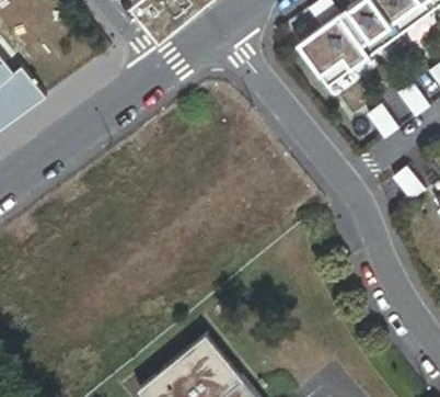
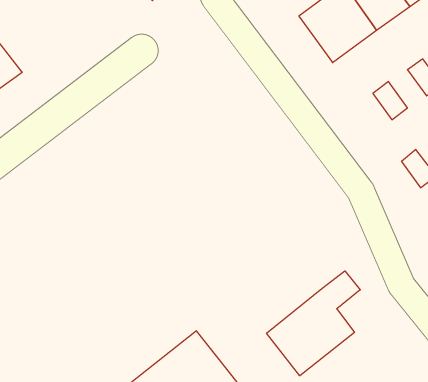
building: none -> [267,271,360,376]

